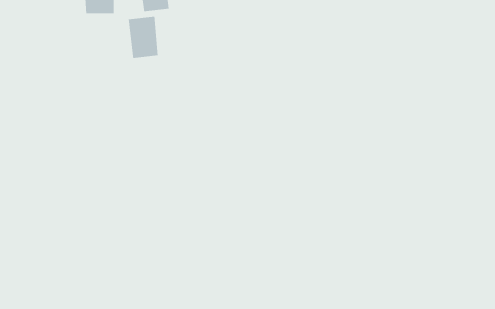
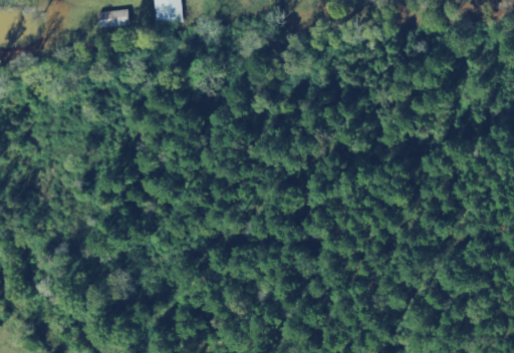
building: [128,16,158,59] -> none

